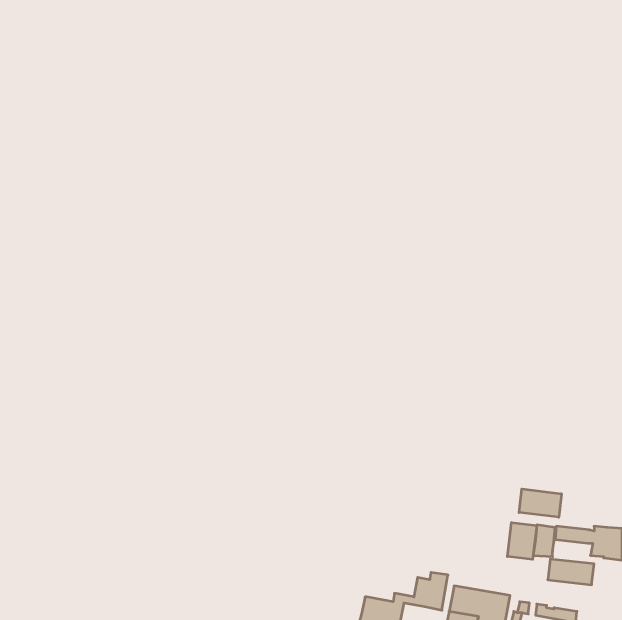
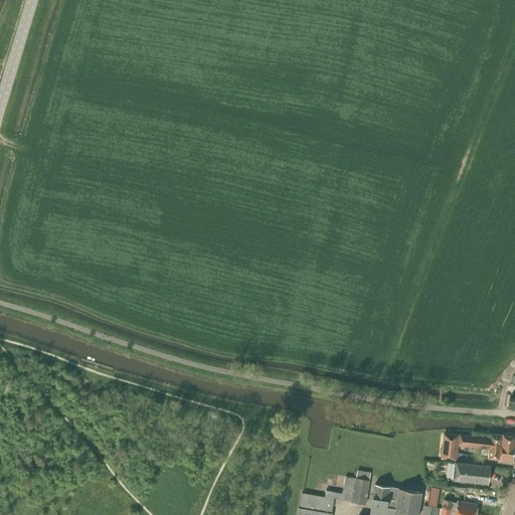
building: [519,489,561,517] -> none
building: [507,523,537,559] -> none

